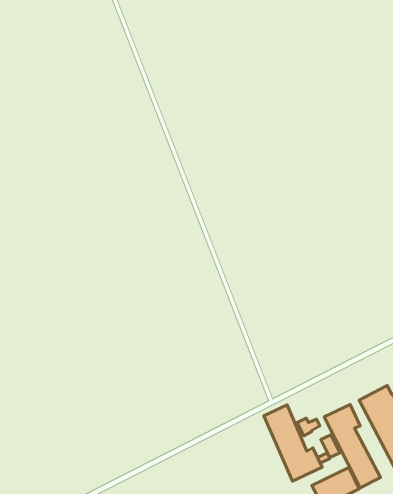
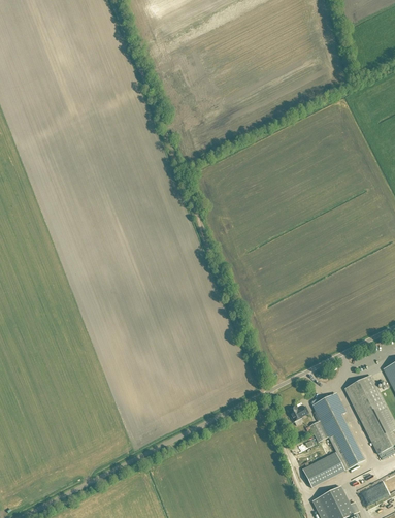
building: [264,405,322,481] -> none

